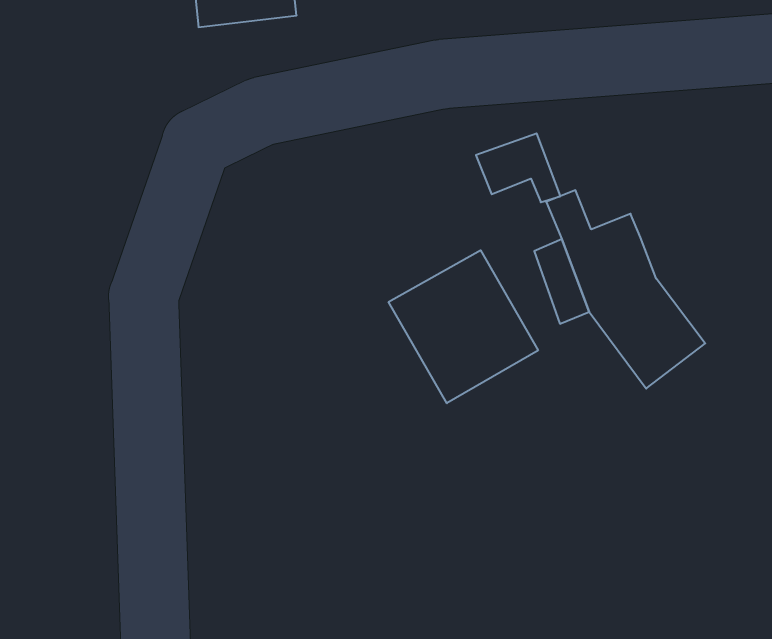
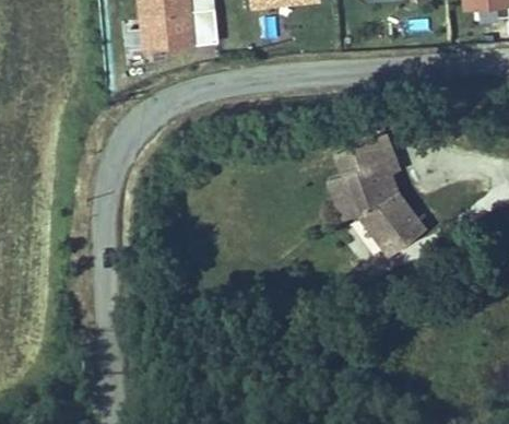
building: [476,133,560,202] -> [354,133,401,172]
building: [389,250,538,403] -> none

